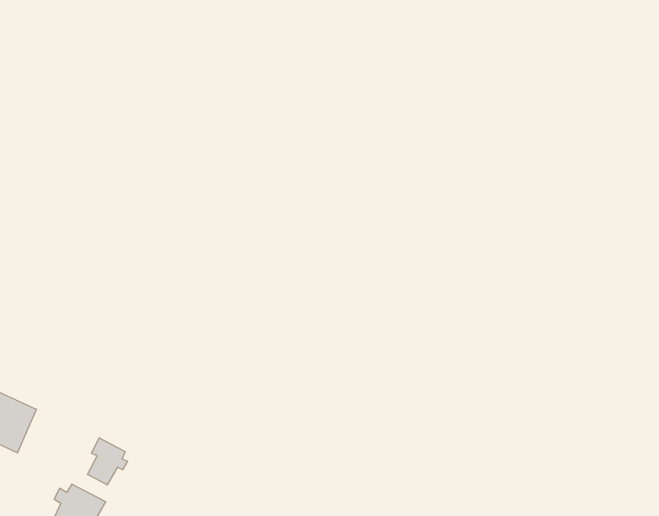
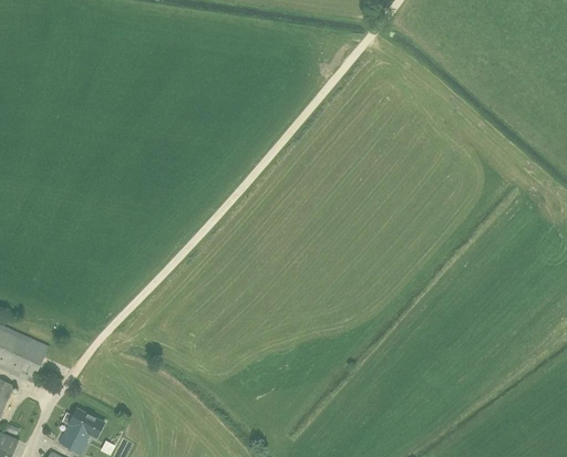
building: [87,438,128,485] -> none

